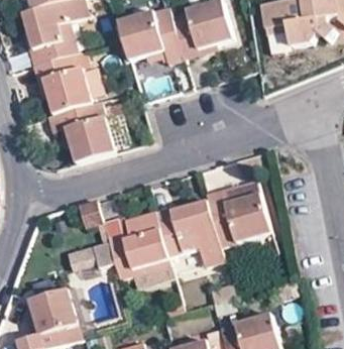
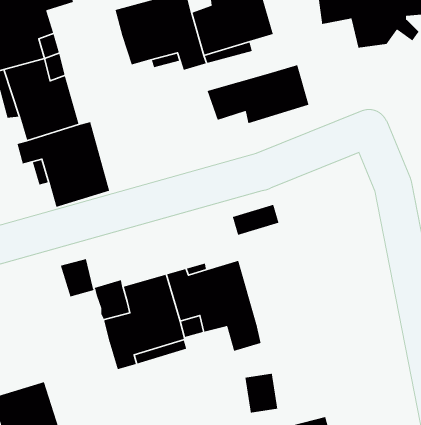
building: none -> [207,64,309,124]
building: [206,180,271,247] -> none
building: [66,240,114,280] -> none

